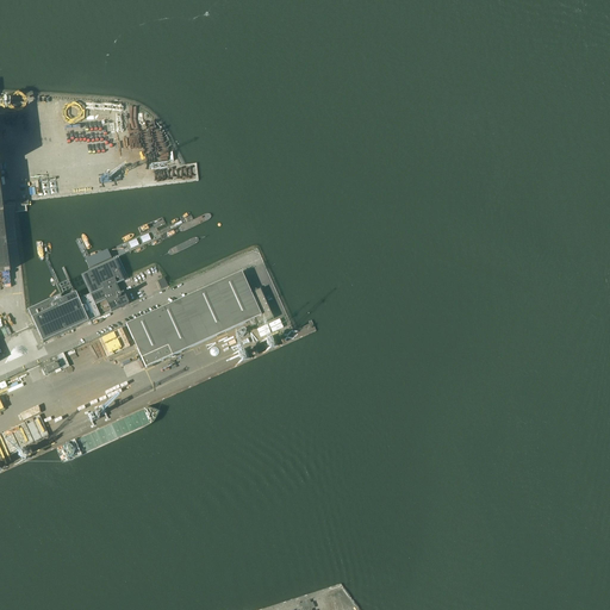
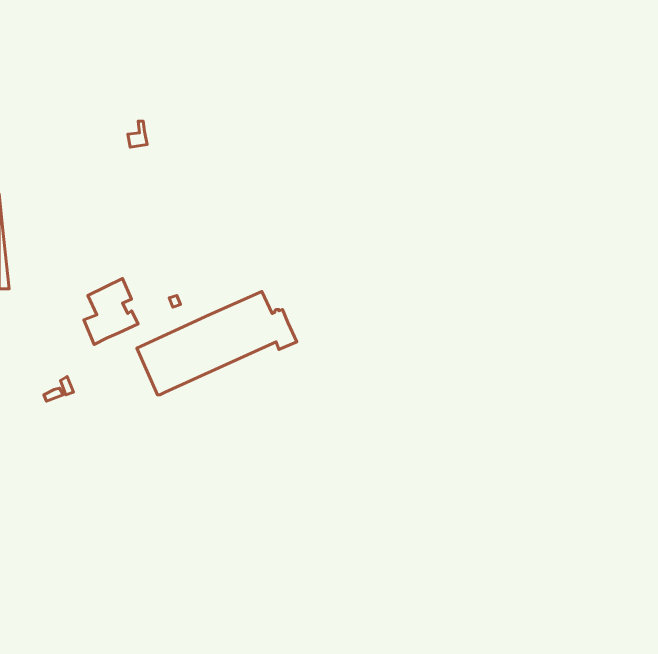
building: [26,290,87,338] -> none

